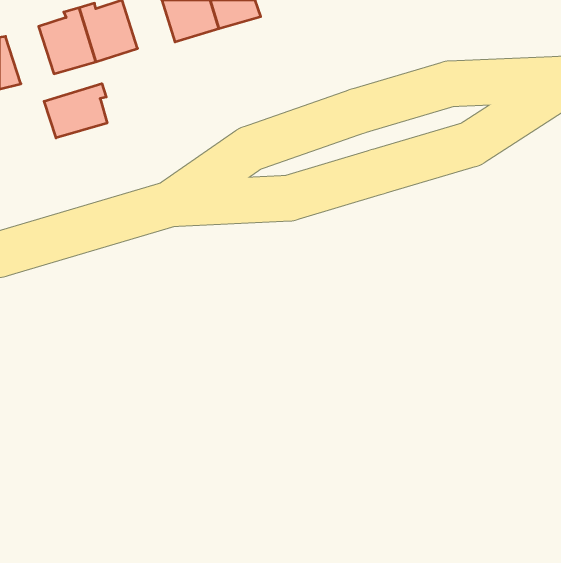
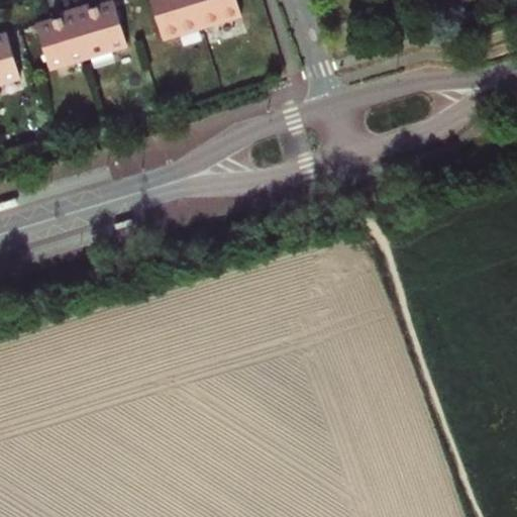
building: [44,84,107,138] -> none

